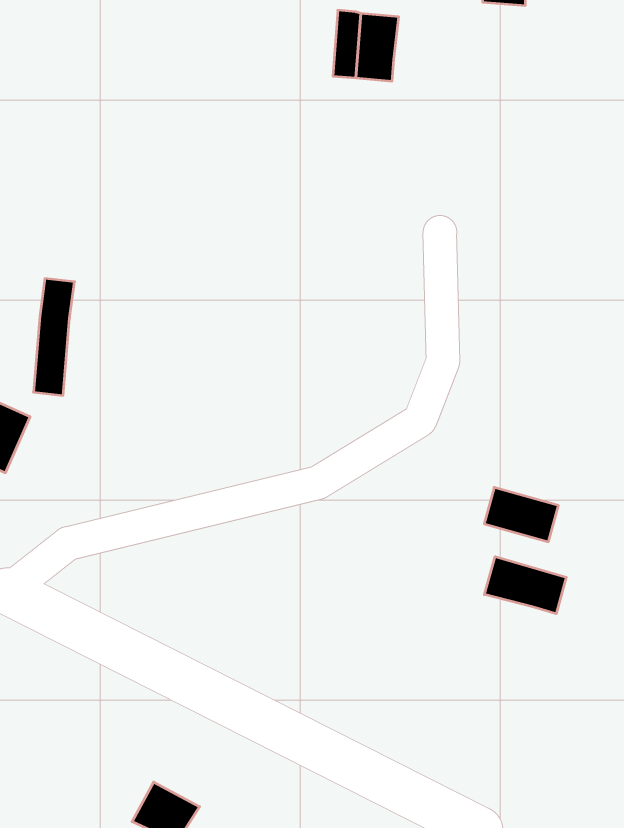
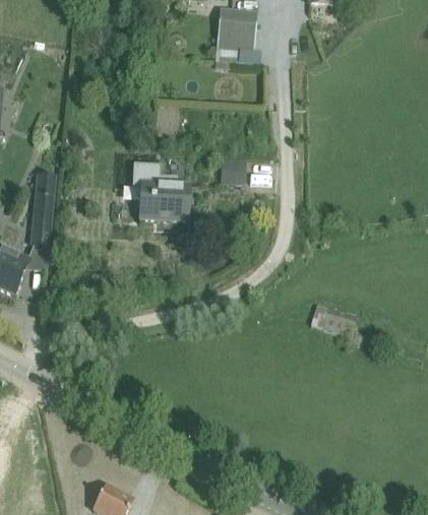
building: none -> [222,158,247,184]
building: none -> [132,163,189,220]
building: [484,557,566,614] -> none

